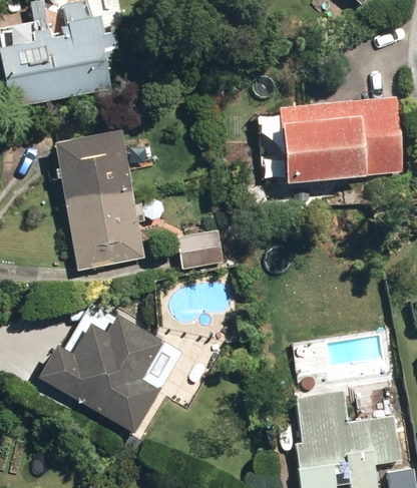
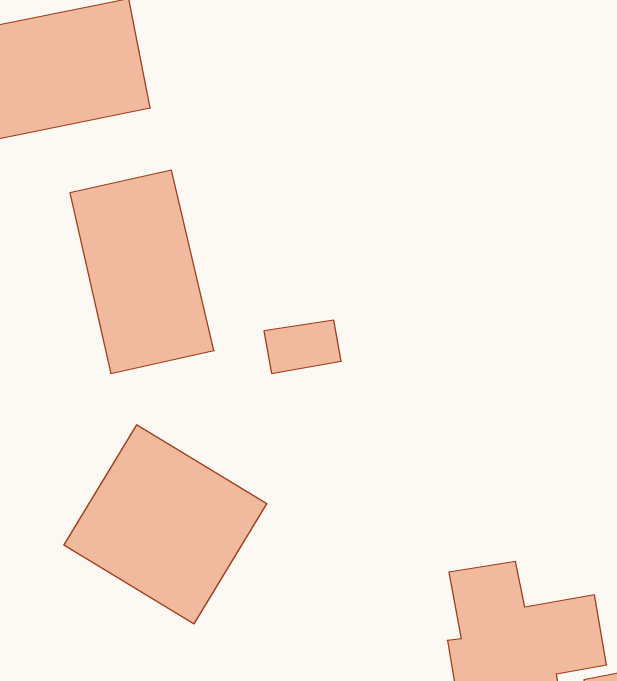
building: [279,96,402,182] -> none

